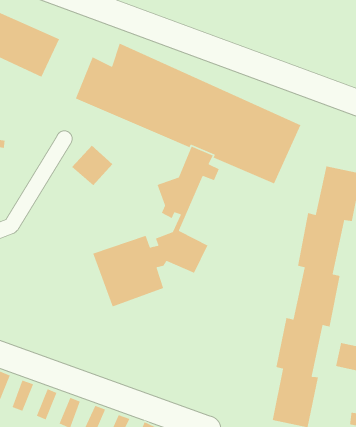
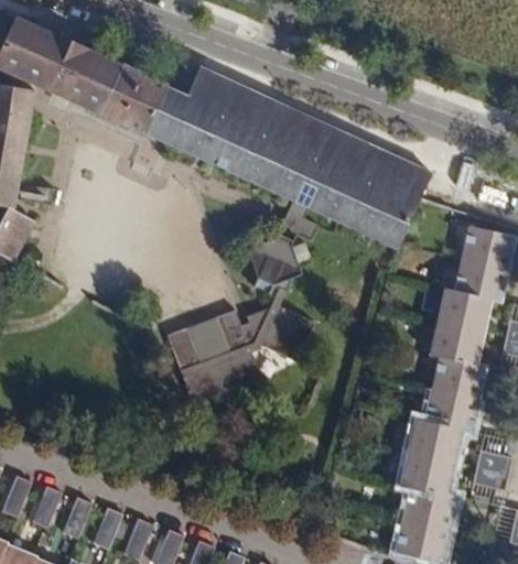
building: none -> [102,64,168,133]
building: [71,145,113,186] -> none

